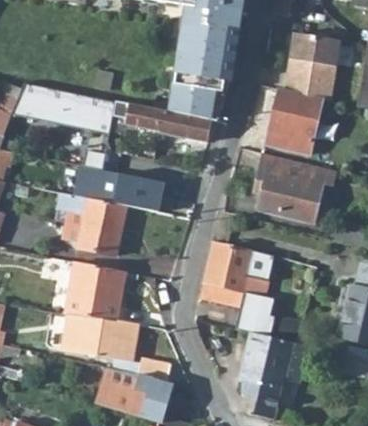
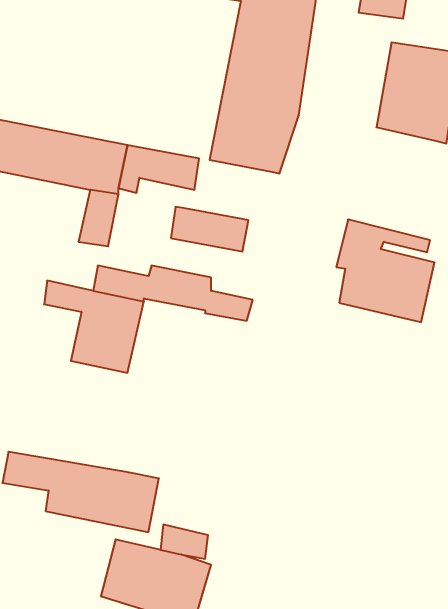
building: [265,88,322,154] -> none
building: [161,110,213,140] -> [171,207,248,252]
building: [199,241,268,320] -> none
building: [65,260,127,321] -> none
building: [240,332,308,403] -> none

